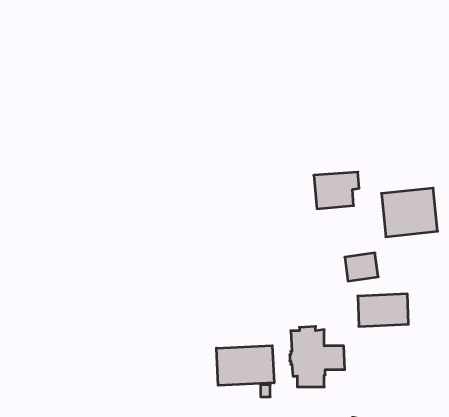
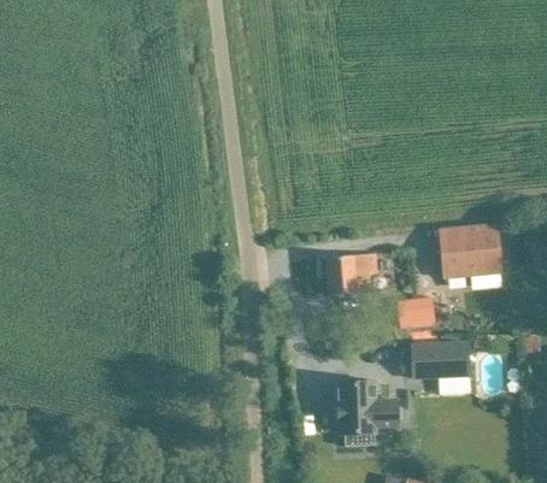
building: [314,172,359,209] -> [325,254,376,295]
building: [216,346,274,385] -> none

